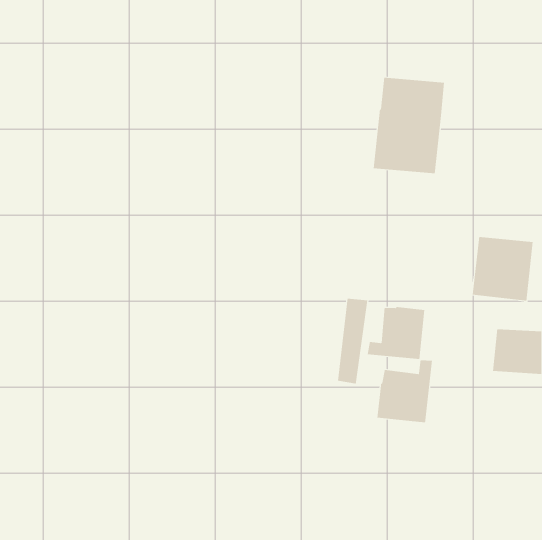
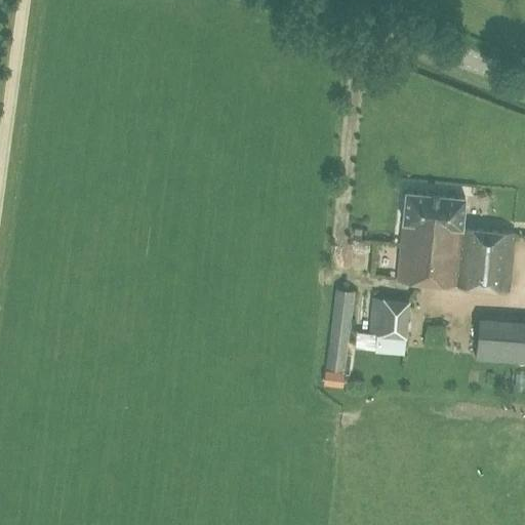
building: [373,77,445,174] -> [396,194,466,287]
building: [377,360,433,423] -> none

